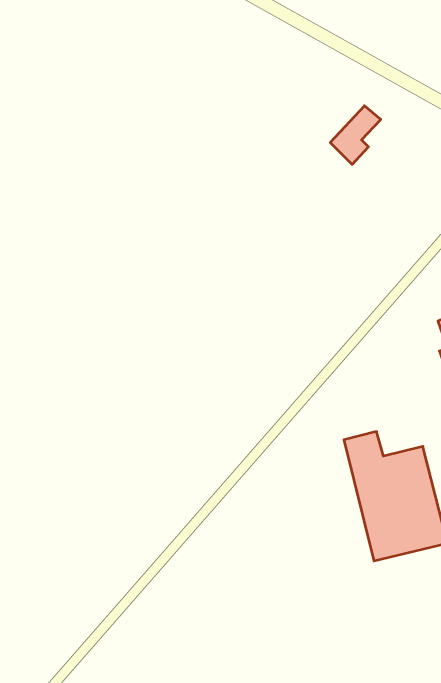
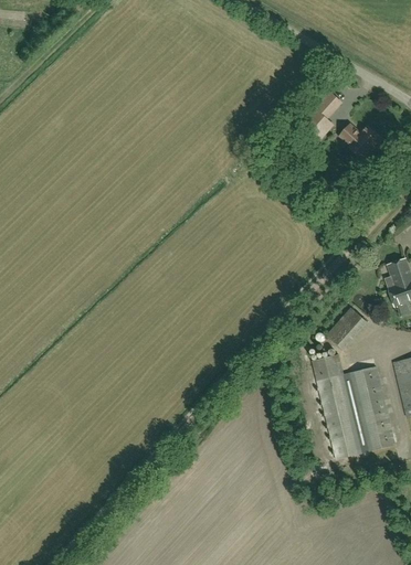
building: none -> [340,124,380,158]
building: none -> [326,307,368,349]

